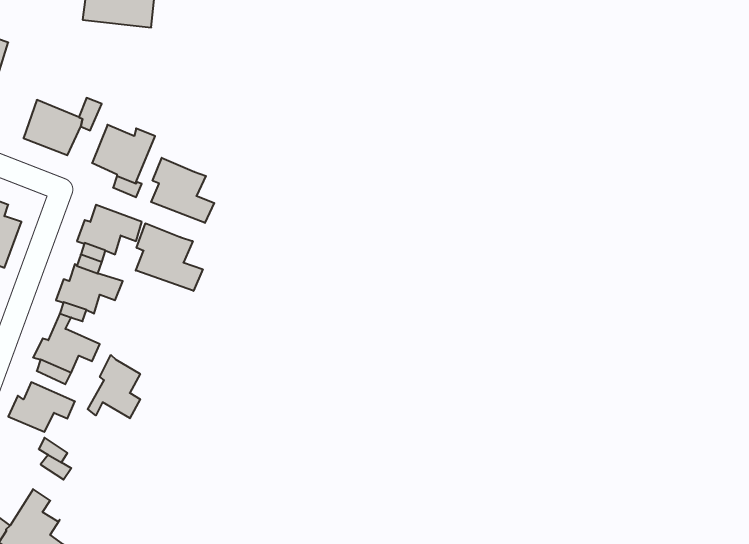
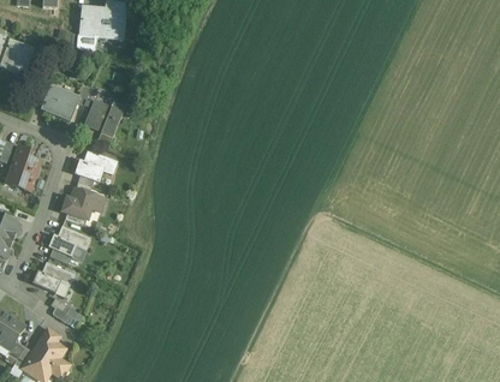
building: [151,158,214,223] -> none
building: [136,223,203,291] -> none
building: [88,355,140,418] -> none

